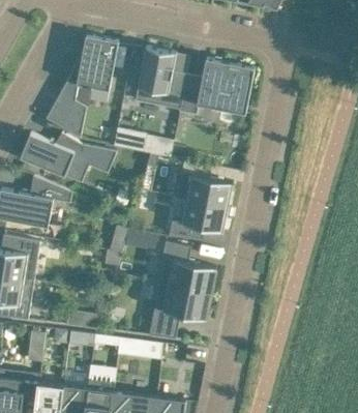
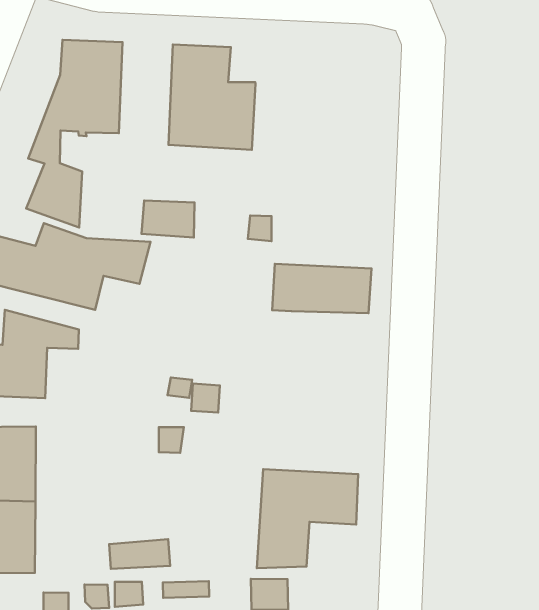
building: [178,59,253,115] -> none
building: [170,200,228,240] -> none
building: [158,241,214,293] -> none

